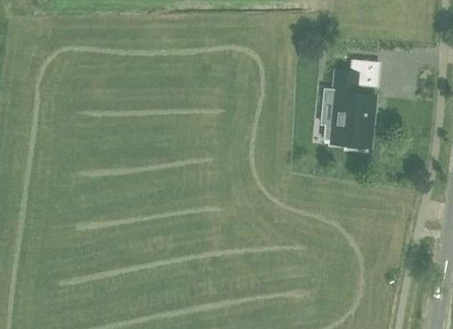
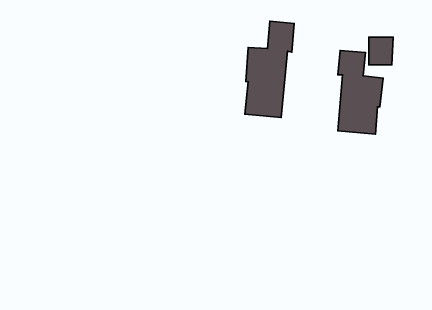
building: none -> [245,21,294,117]

